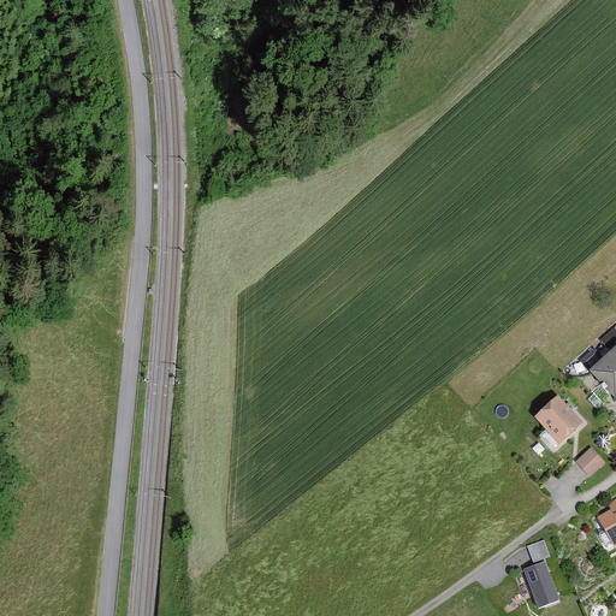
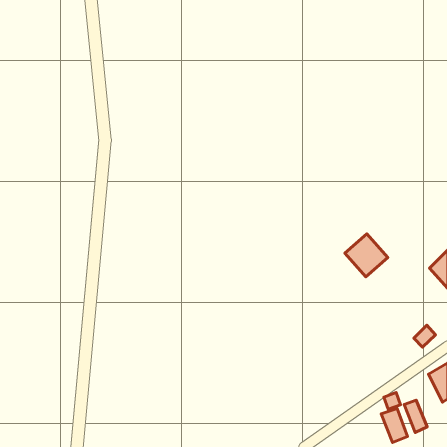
building: [526,391,585,450] -> [345,234,388,277]
building: none -> [404,400,427,432]

